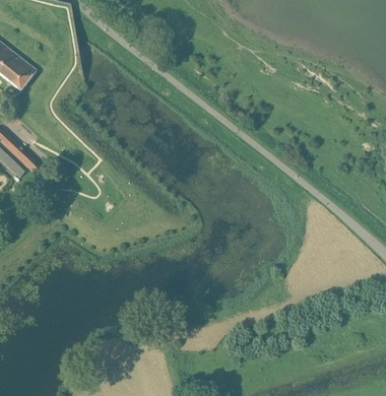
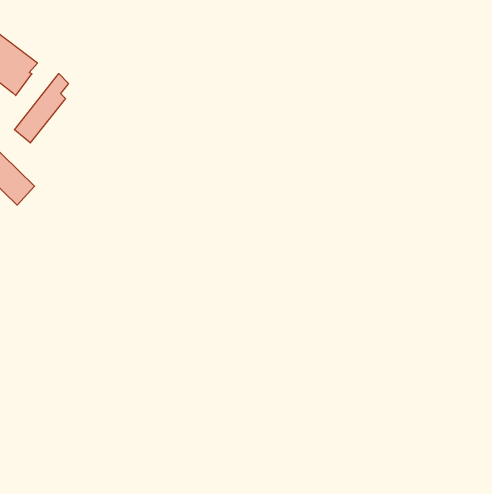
building: none -> [15,74,68,143]

